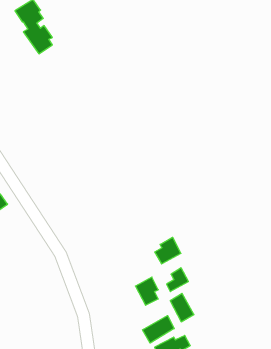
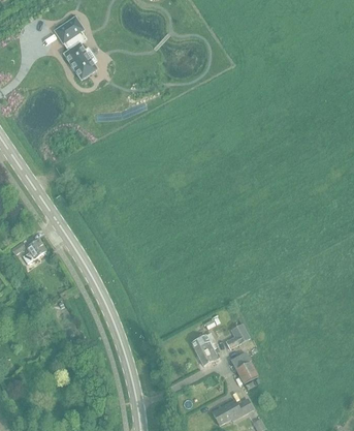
building: [155,237,181,264] -> none
building: [143,316,174,343] -> none

